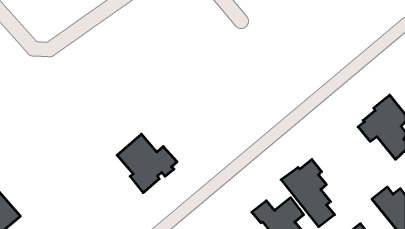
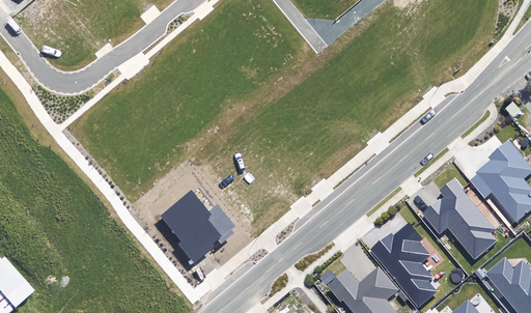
building: none -> [420,176,495,256]

